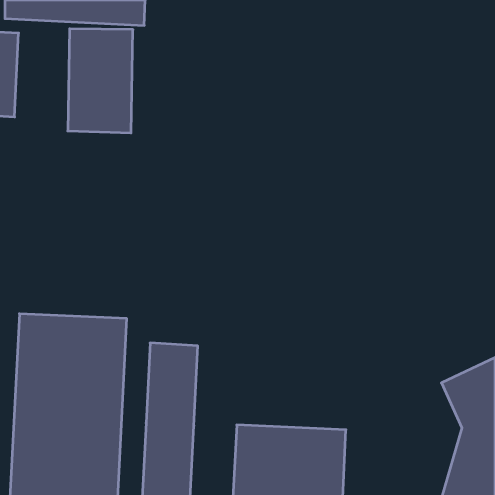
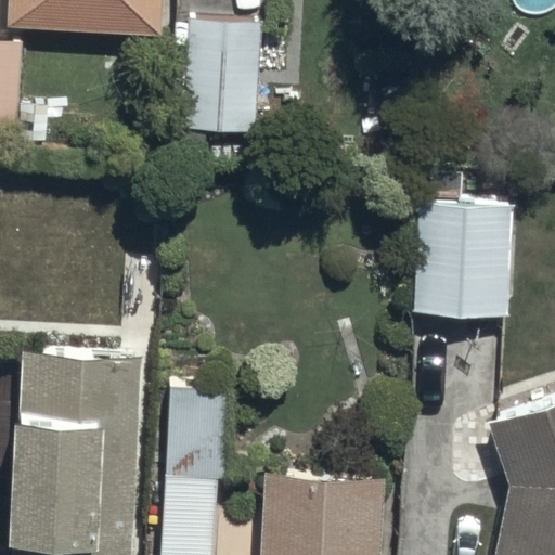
building: [68,29,133,133] -> [185,21,258,137]
building: none -> [417,196,515,318]

